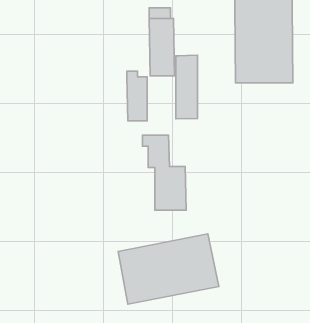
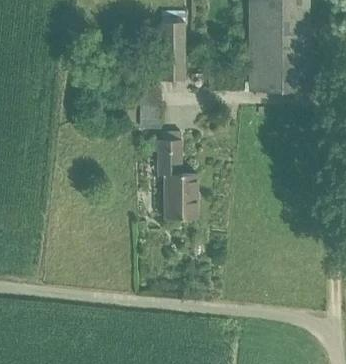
building: [176,55,198,119] -> none
building: [118,234,219,304] -> none

